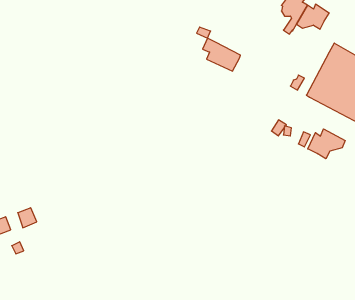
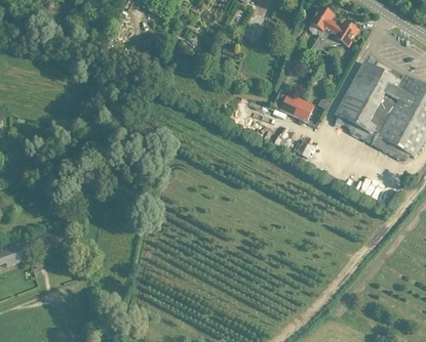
building: [203,38,240,71] -> [275,87,314,121]
building: [308,129,345,159] -> none

